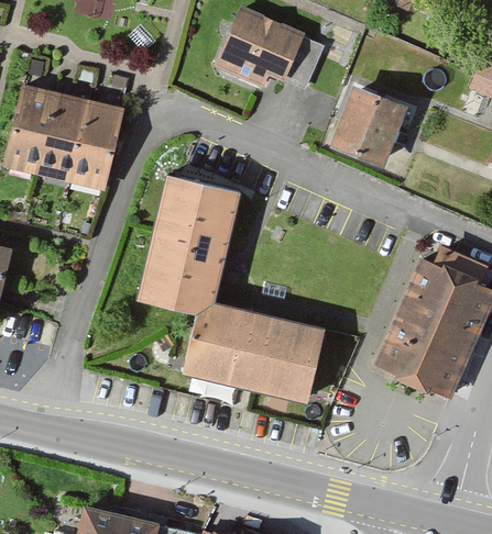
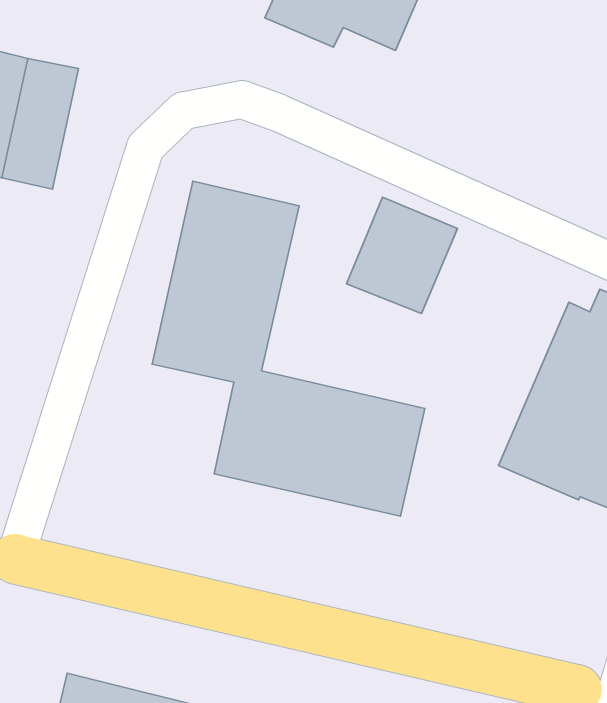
building: [332,87,407,165] -> [346,197,458,313]
building: [74,100,124,188] -> none

